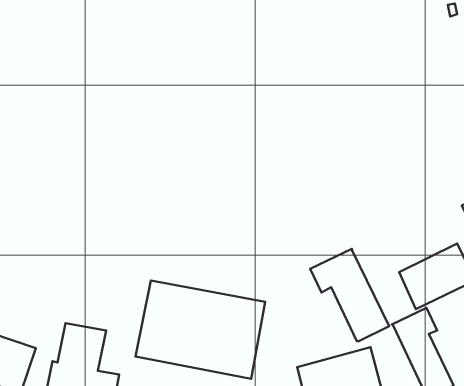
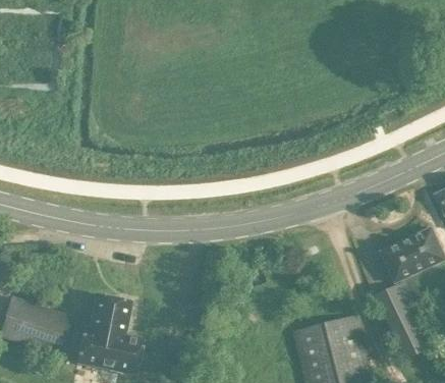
building: [310,249,389,341] -> none
building: [136,281,265,379] -> none

